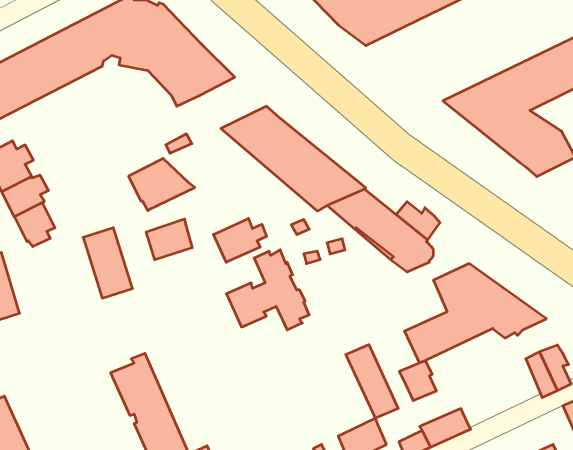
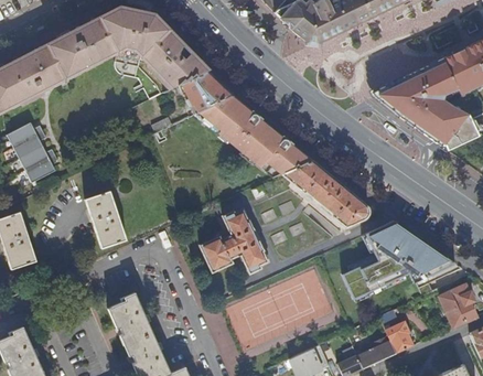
building: [129,158,195,211] -> [180,72,233,114]
building: [396,202,440,240] -> none
building: [15,203,55,247] -> none
building: [213,218,267,262] -> none
building: [146,219,192,260] -> none
building: [346,345,398,418] -> none
building: [399,361,436,401] -> [385,321,415,353]

